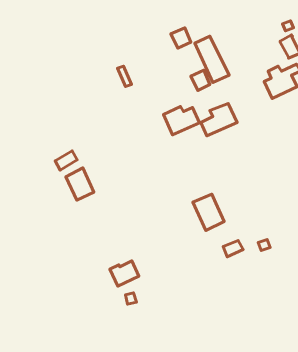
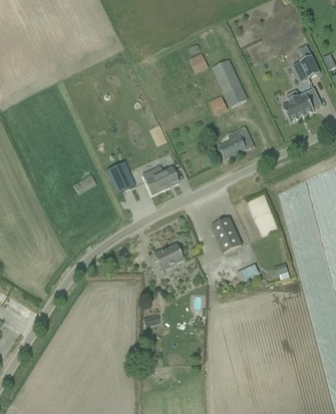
building: [163,107,200,135] -> [142,164,179,192]
building: [66,168,94,200] -> [106,160,134,192]
building: [110,261,139,286] -> [153,244,183,269]

